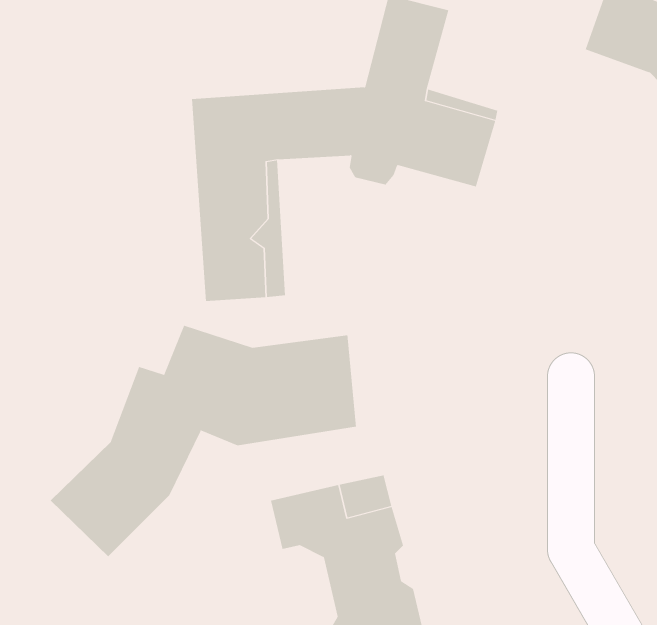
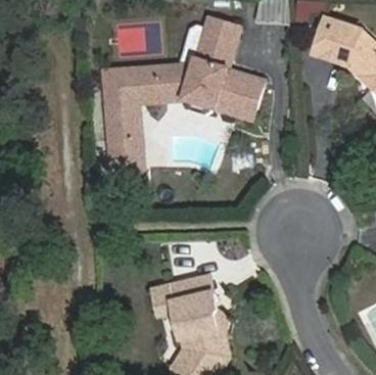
building: [50,325,356,557] -> none

